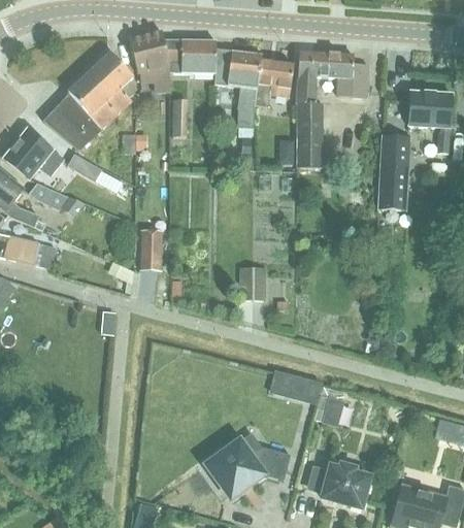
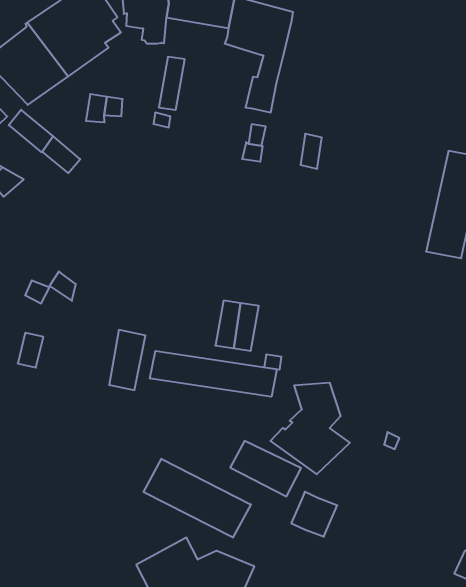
building: [295,52,367,168] -> none
building: [254,61,291,106] -> none
building: [139,230,160,271] -> [109,330,145,390]
building: none -> [150,351,277,397]
building: none -> [270,383,350,474]
building: none -> [143,459,251,538]

